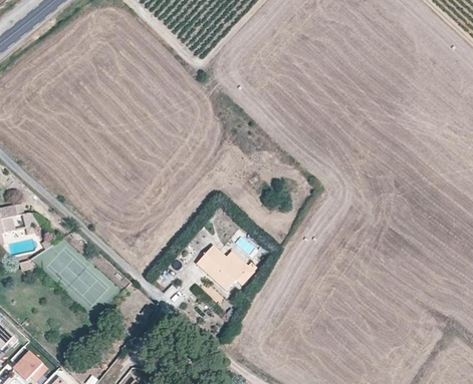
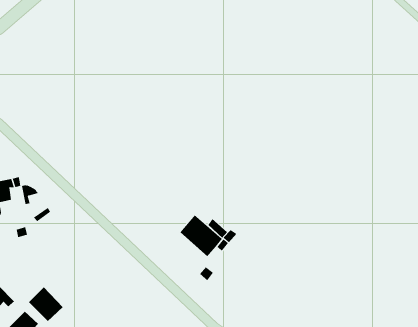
building: none -> [28,286,64,322]

